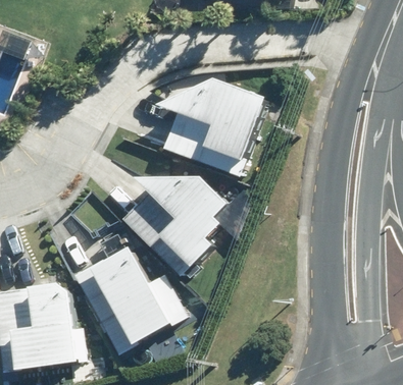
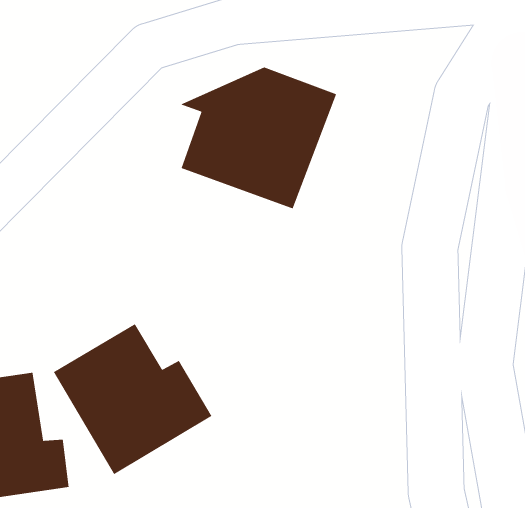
building: [112,174,234,277] -> none

